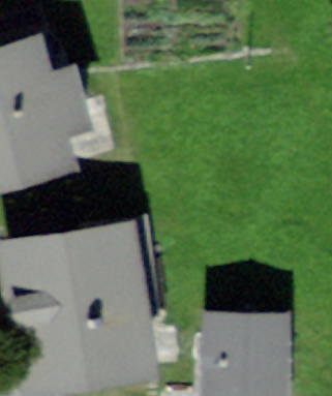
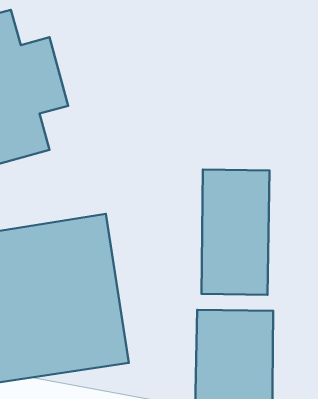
building: none -> [202,170,270,295]

